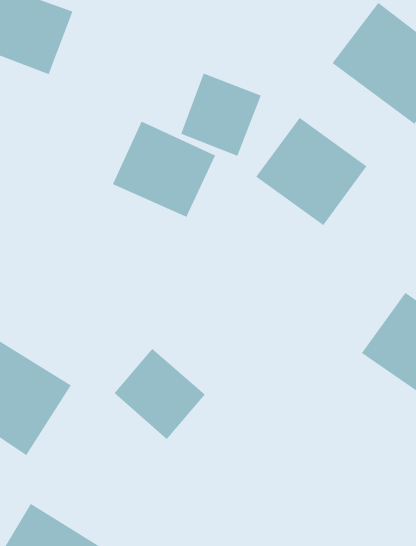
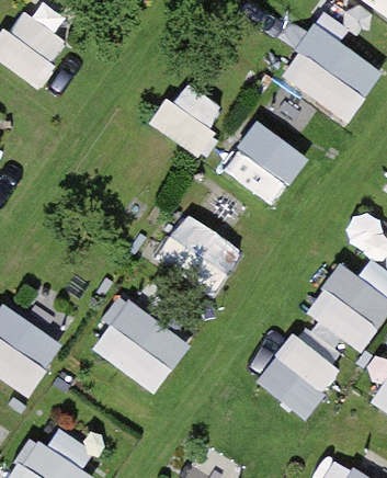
building: [112,120,216,218] -> [156,215,241,295]
building: none -> [253,332,341,419]

